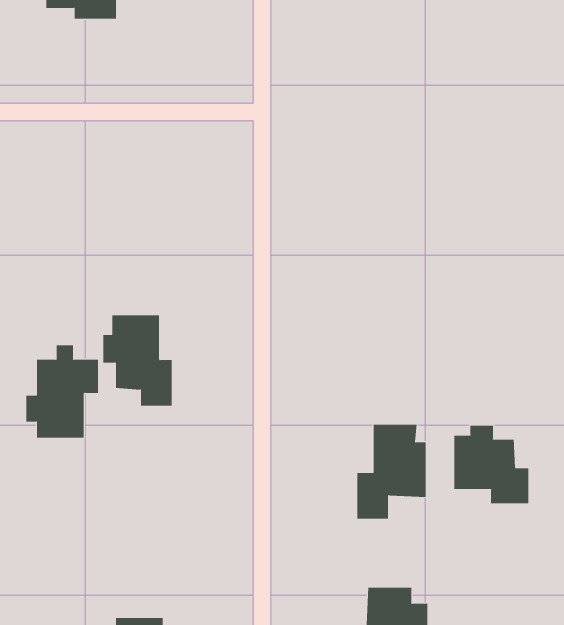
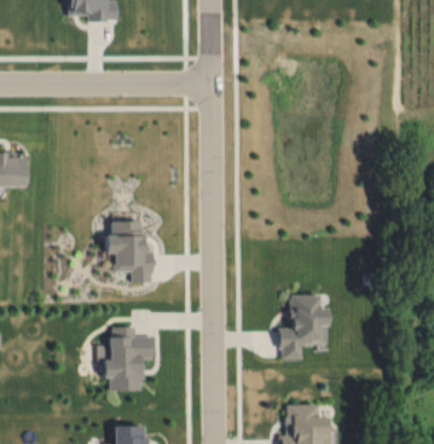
building: [25,345,99,438] -> [104,325,154,388]
building: [454,425,529,504] -> none

